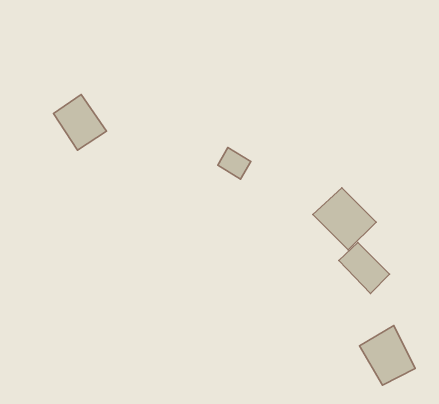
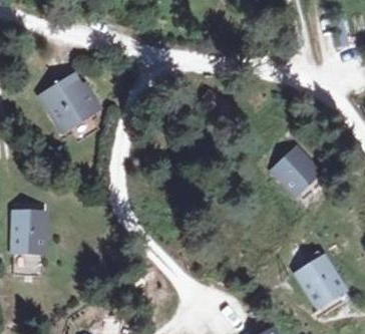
building: [339,242,390,293] -> none
building: none -> [21,209,44,250]

